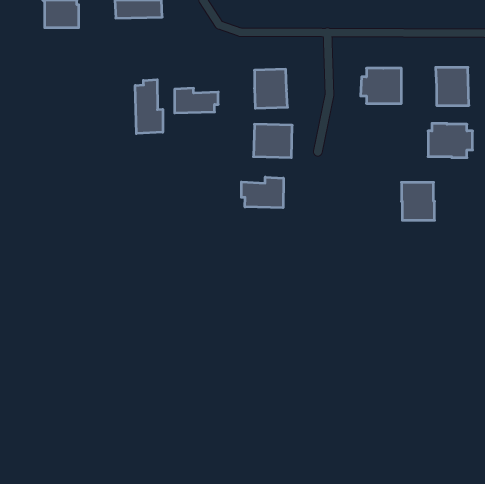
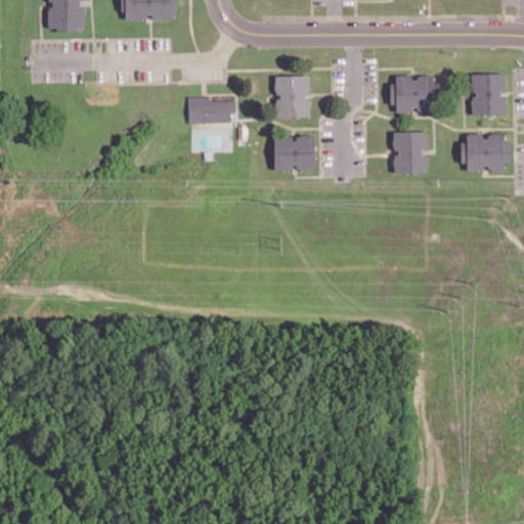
building: [135,80,163,134] -> none
building: [241,177,283,208] -> none
building: [401,182,435,220] -> [392,132,428,173]

